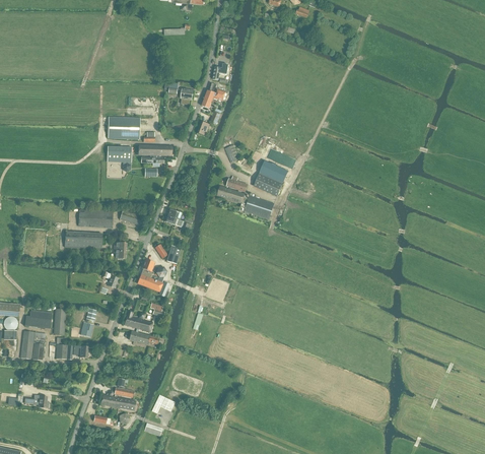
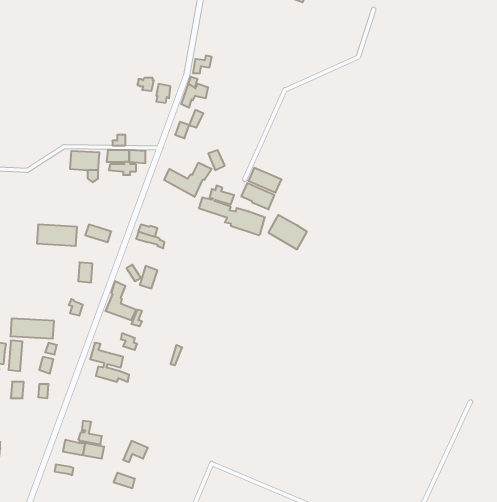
building: [107,117,139,139] -> none
building: none -> [164,163,212,197]
building: none -> [269,215,307,249]
building: [63,232,100,249] -> [10,319,54,339]

